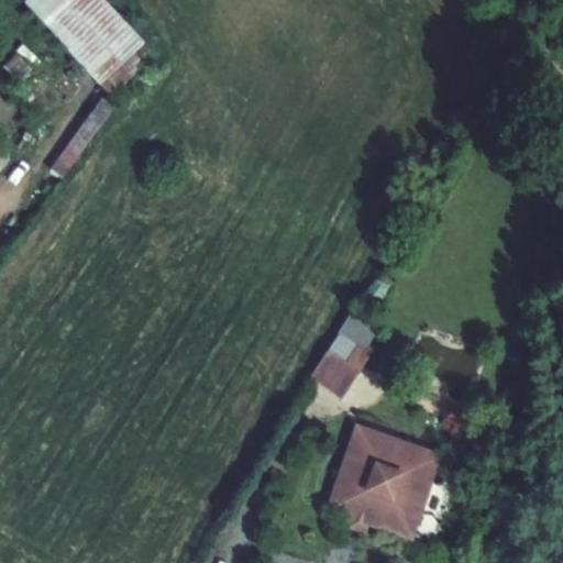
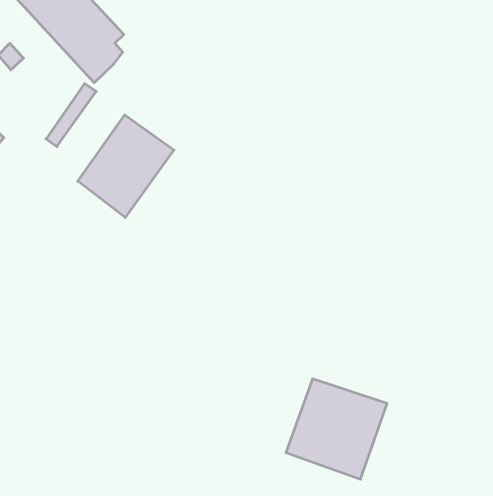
building: none -> [78,115,174,218]
building: [312,310,385,394] -> none

